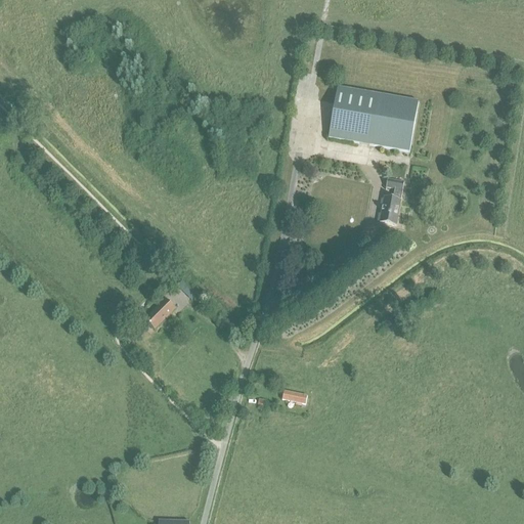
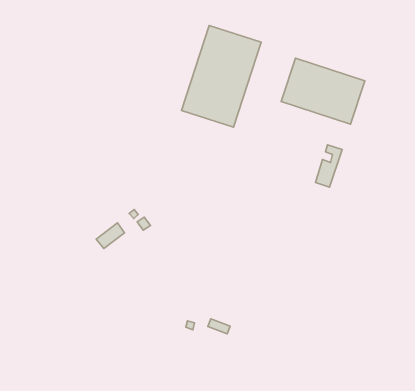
building: none -> [181,26,261,127]

